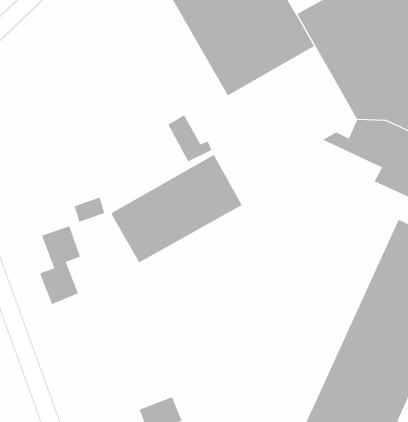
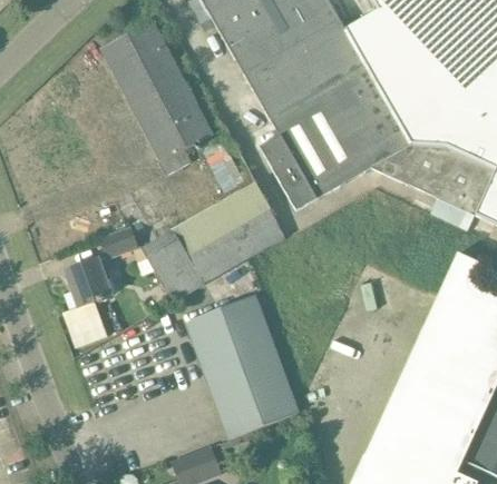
building: none -> [101,20,212,174]
building: none -> [260,63,411,210]
building: none -> [187,296,298,436]

